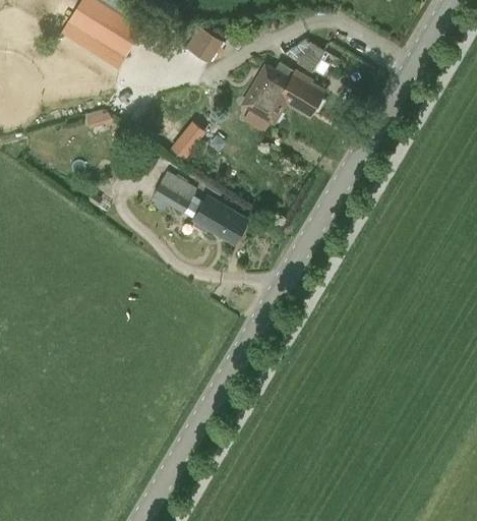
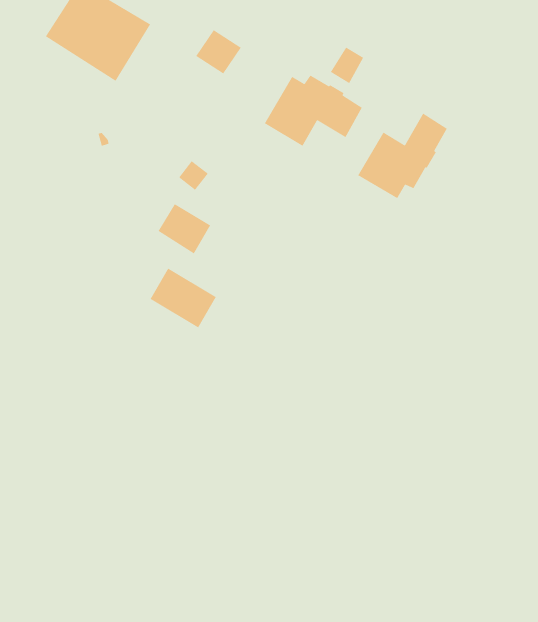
building: none -> [357,113,448,199]
building: [192,194,248,245] -> [150,267,217,329]

